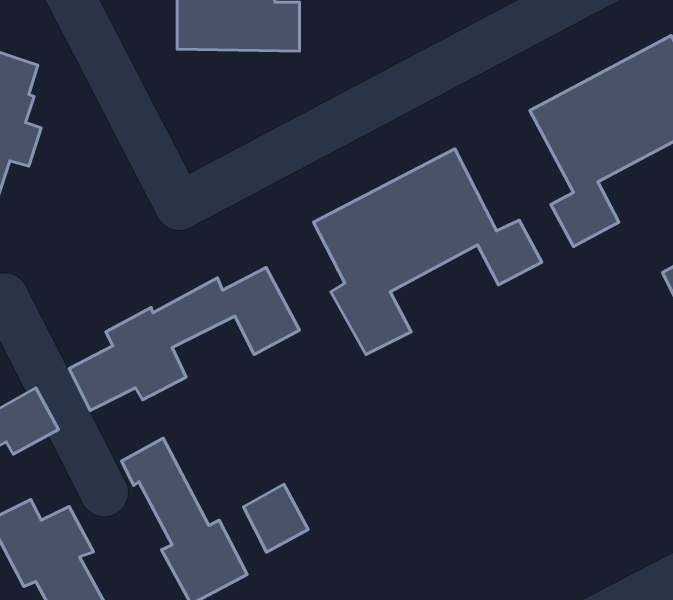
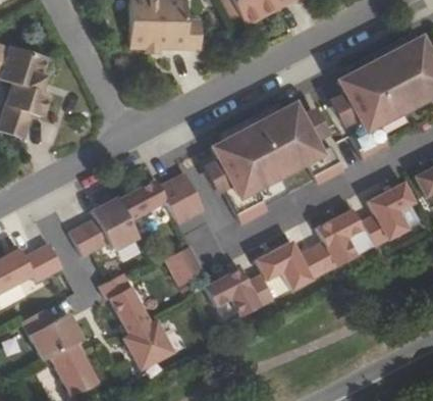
building: none -> [204,182,414,316]
building: [244,484,308,552] -> [166,246,204,286]

